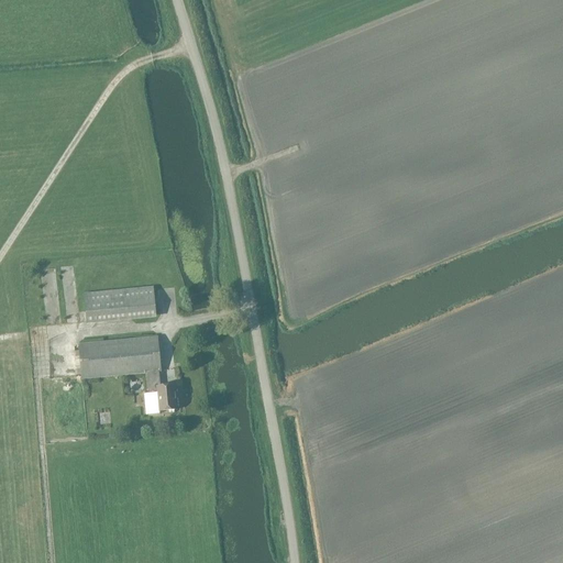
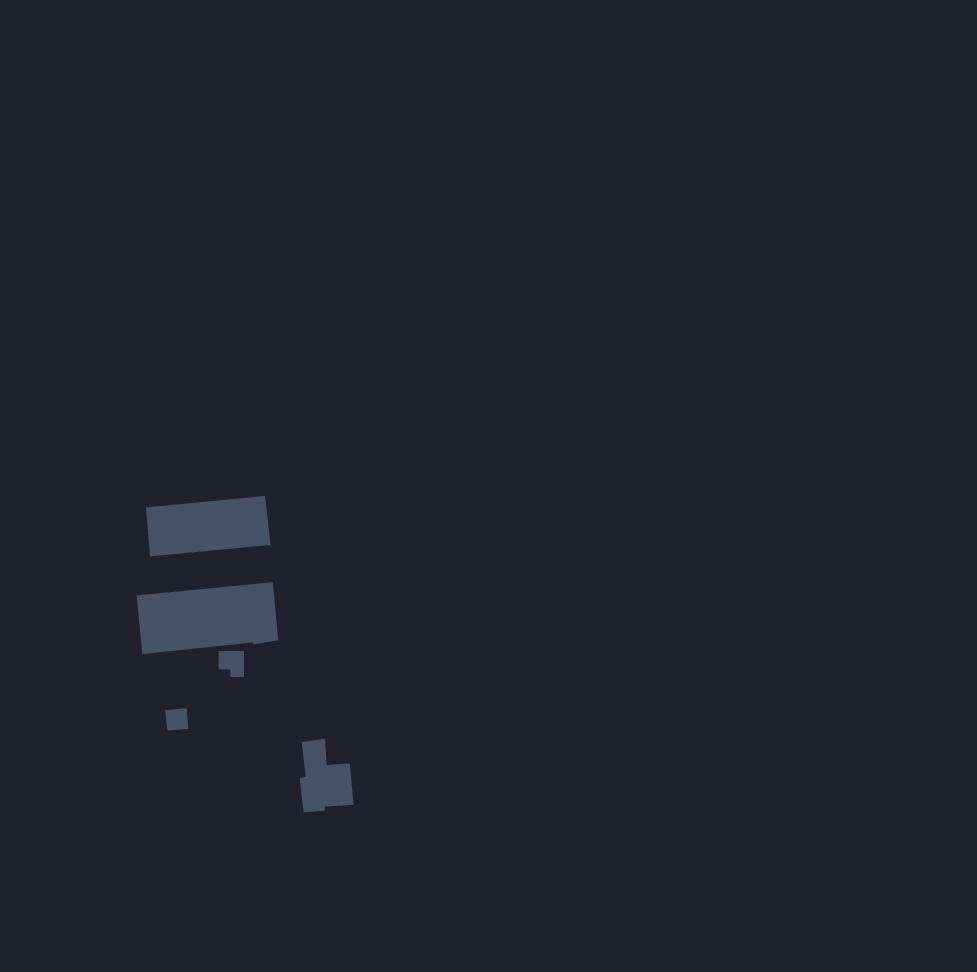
building: [144,368,176,411] -> [299,738,354,813]

